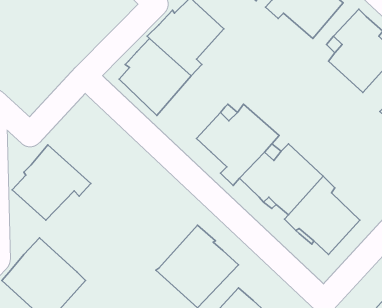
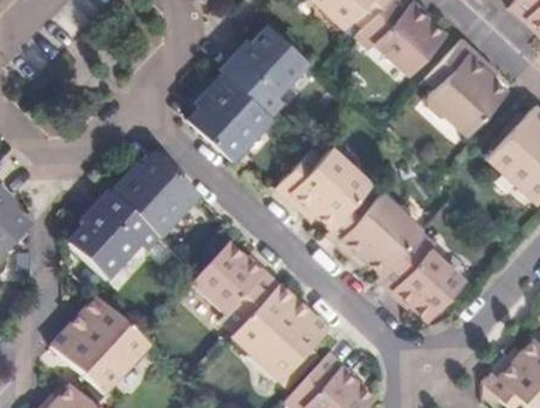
building: none -> [107,158,198,241]
building: none -> [191,245,278,336]

